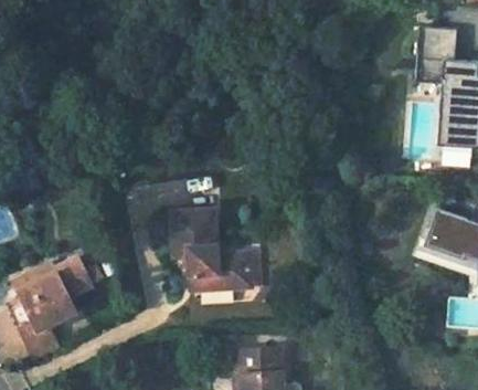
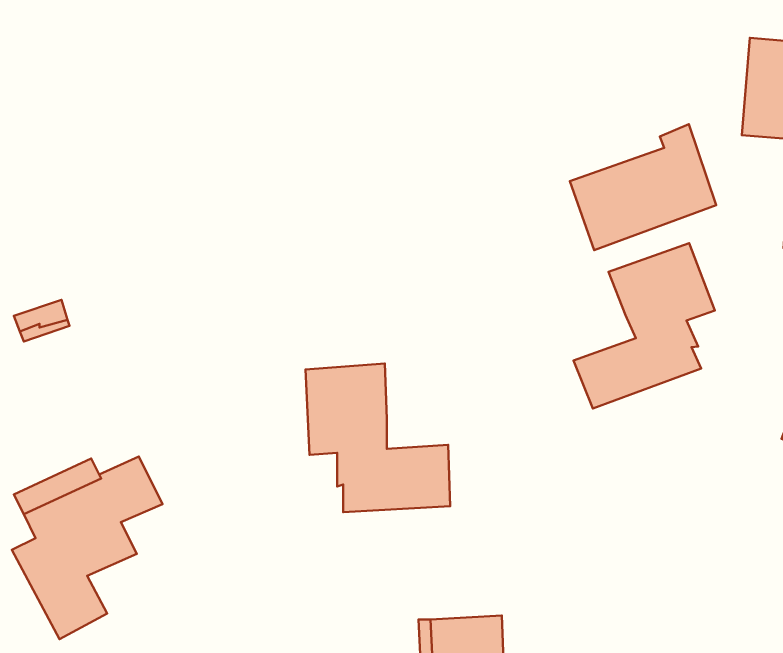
building: none -> [570,124,716,250]
building: none -> [574,243,715,409]

